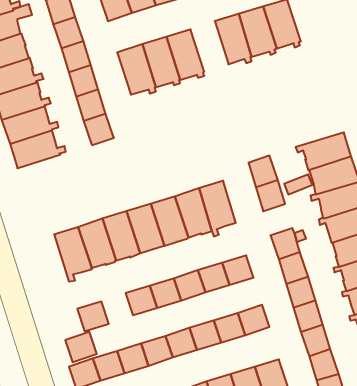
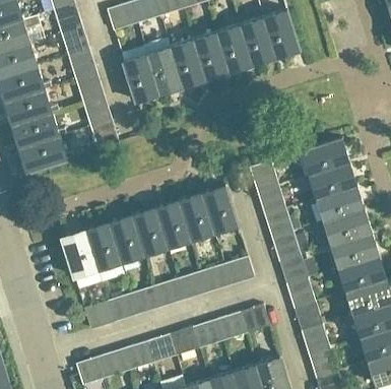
building: none -> [193,29,230,78]
building: none -> [263,206,291,237]
building: [65,332,97,362] -> [107,293,137,322]

